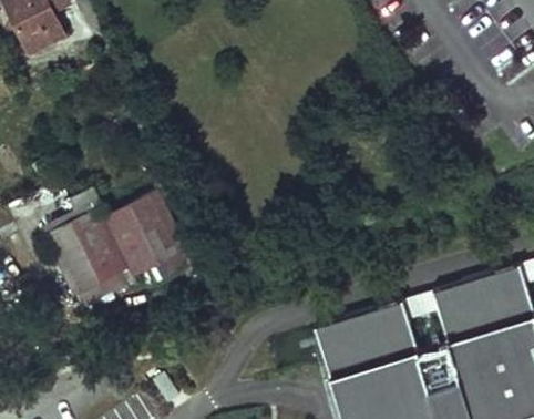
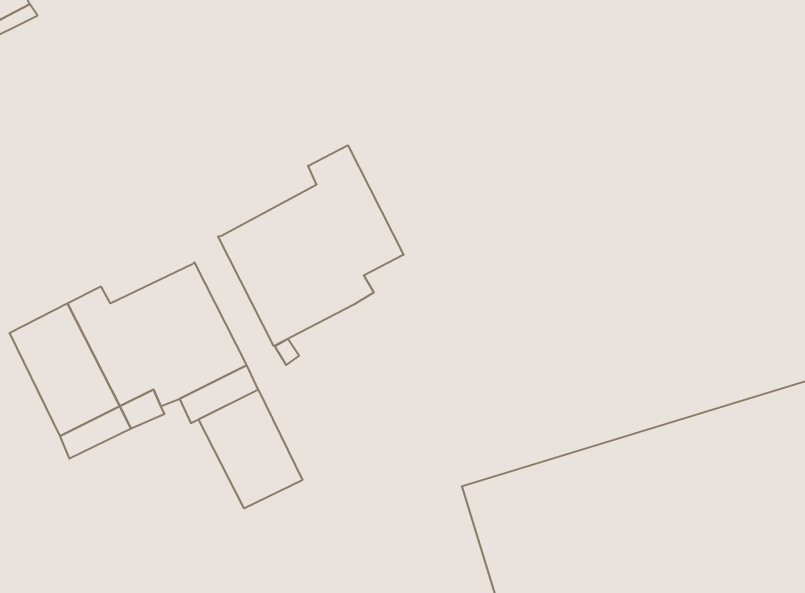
building: none -> [218,145,404,346]
building: none -> [199,389,302,508]

